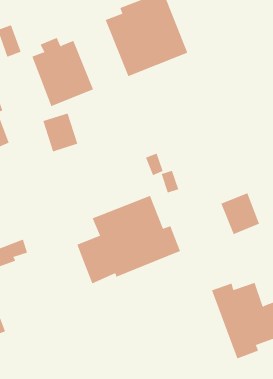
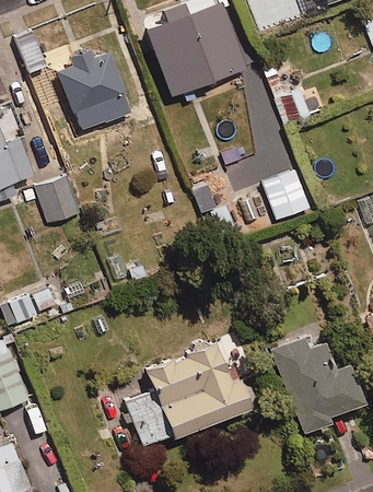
building: [42,113,78,152] -> [36,177,79,224]
building: [220,193,260,235] -> [261,171,308,221]
building: [76,195,181,284] -> [125,341,249,447]

